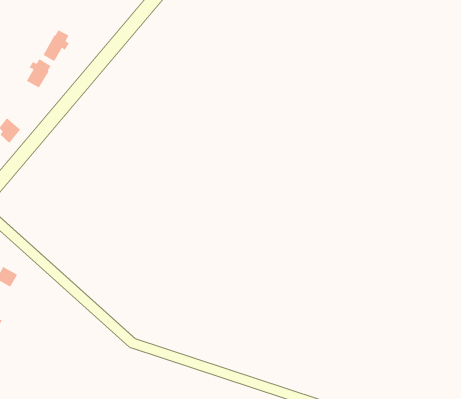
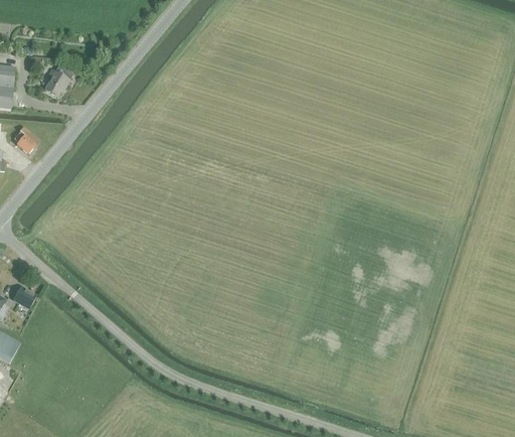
building: [43,29,70,62] -> none

